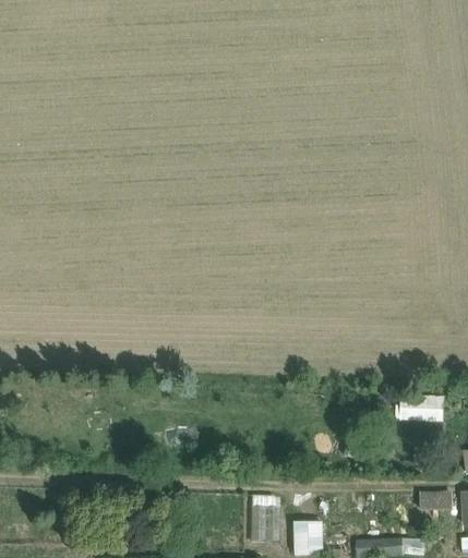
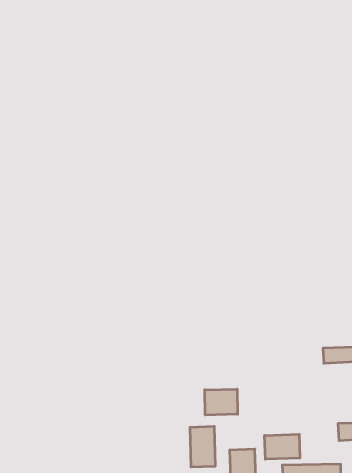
building: none -> [205,389,238,415]
building: none -> [265,434,300,459]

